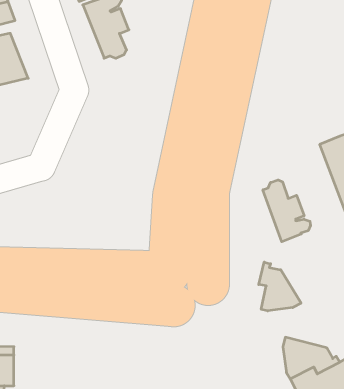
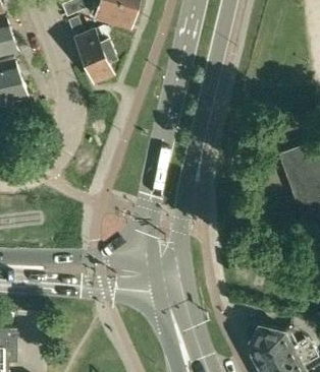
building: [263,180,310,242] -> none
building: [259,262,301,311] -> none

